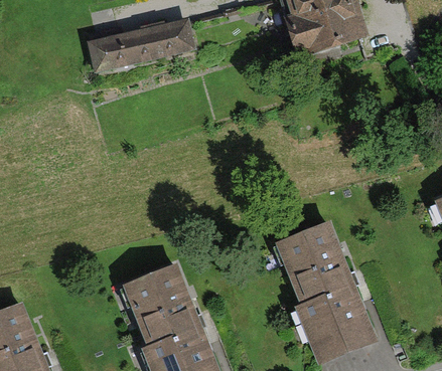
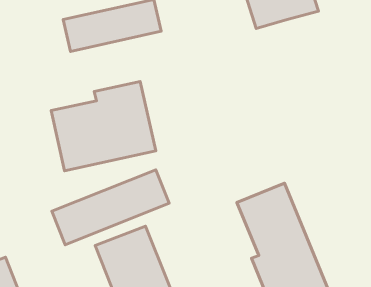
building: none -> [51,81,156,171]
building: none -> [52,170,169,245]

